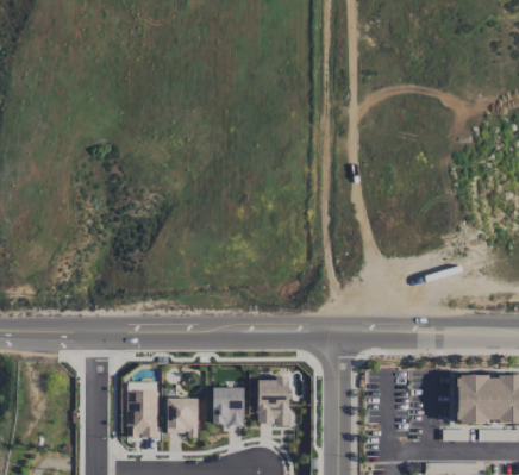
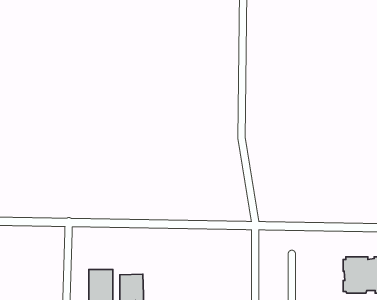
building: [256,377,289,425] -> none
building: [212,387,244,426] -> none

